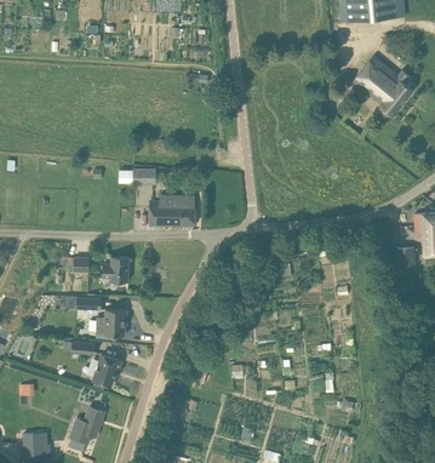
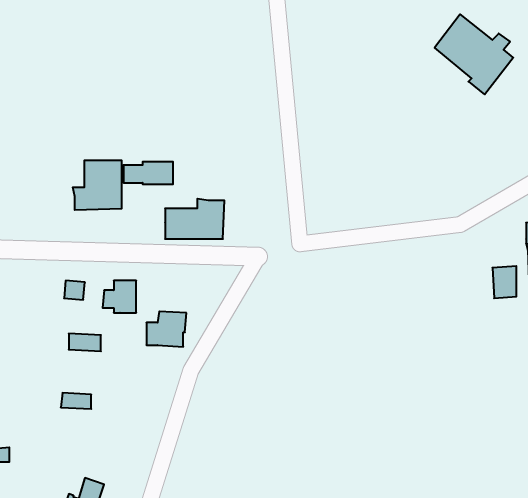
building: none -> [73,160,122,210]
building: [97,308,127,335] -> [146,311,186,347]
building: [93,353,121,385] -> none

